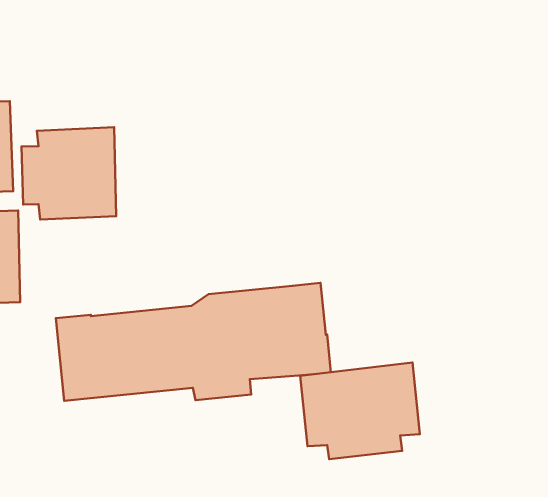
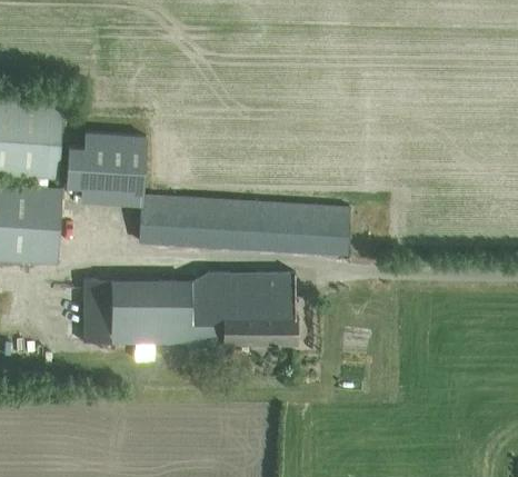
building: none -> [138,197,350,254]
building: [300,363,420,459] -> none

